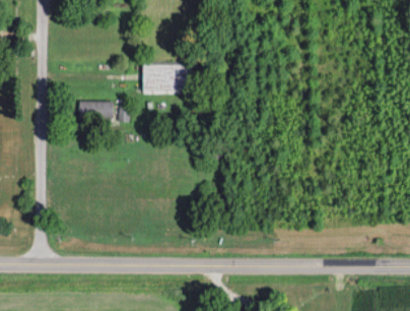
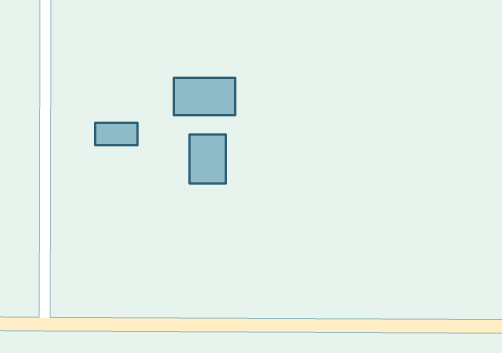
building: none -> [189,135,226,183]

